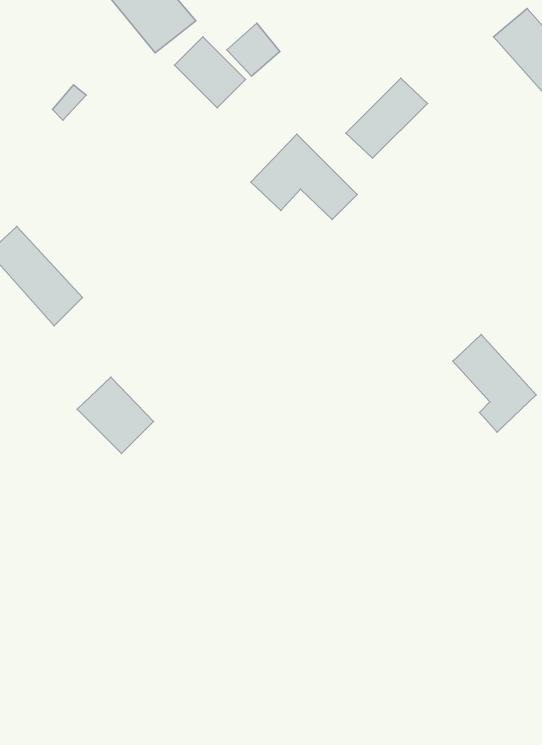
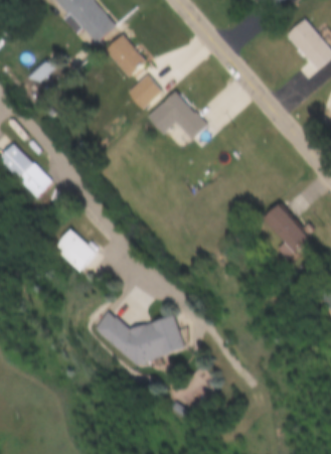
building: [227,23,280,76] -> [131,75,161,106]
building: [346,78,427,158] -> none
building: none -> [93,312,182,362]

